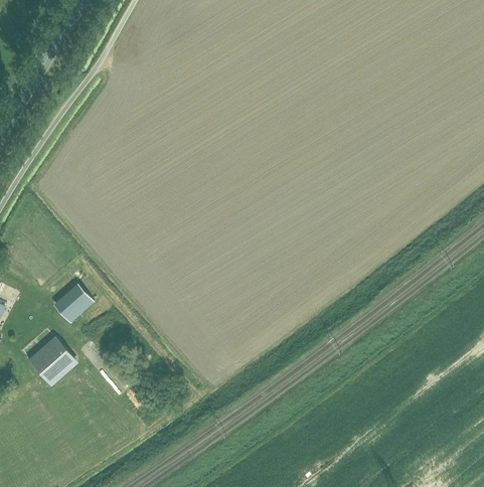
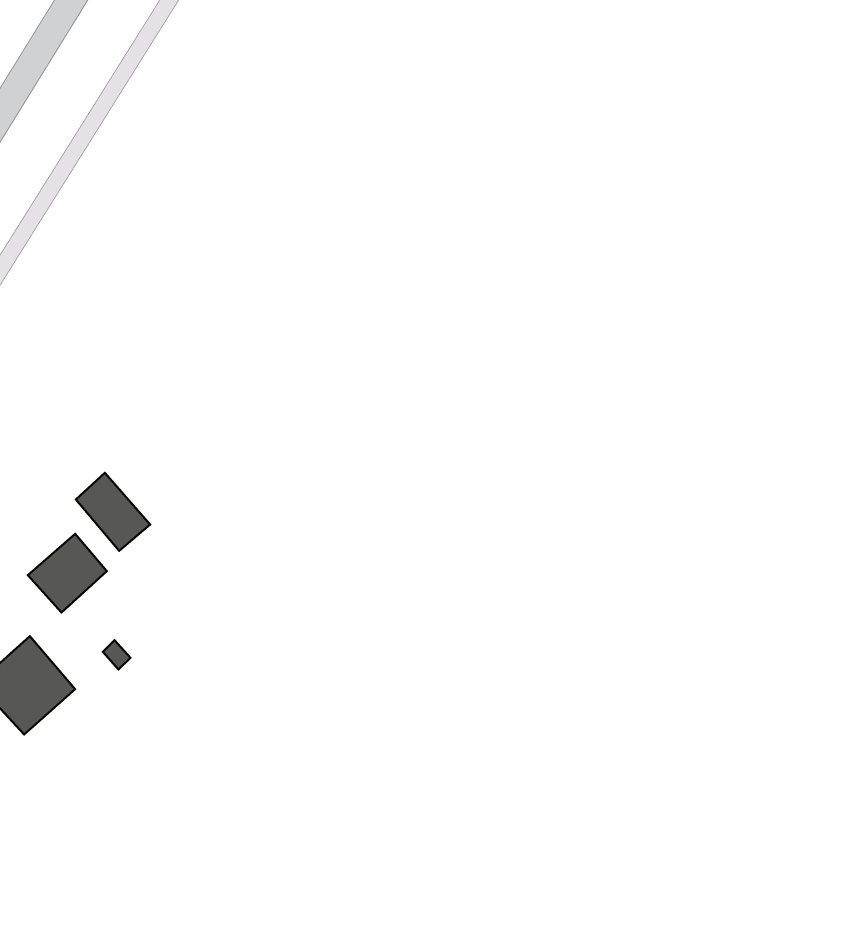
building: none -> [76,473,150,551]

